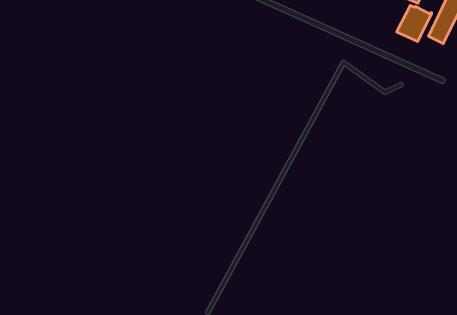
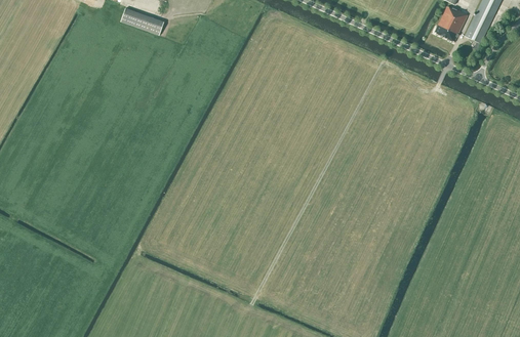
building: none -> [120,6,164,35]

